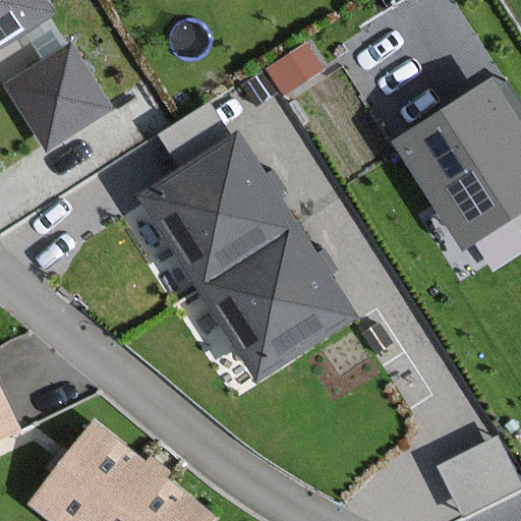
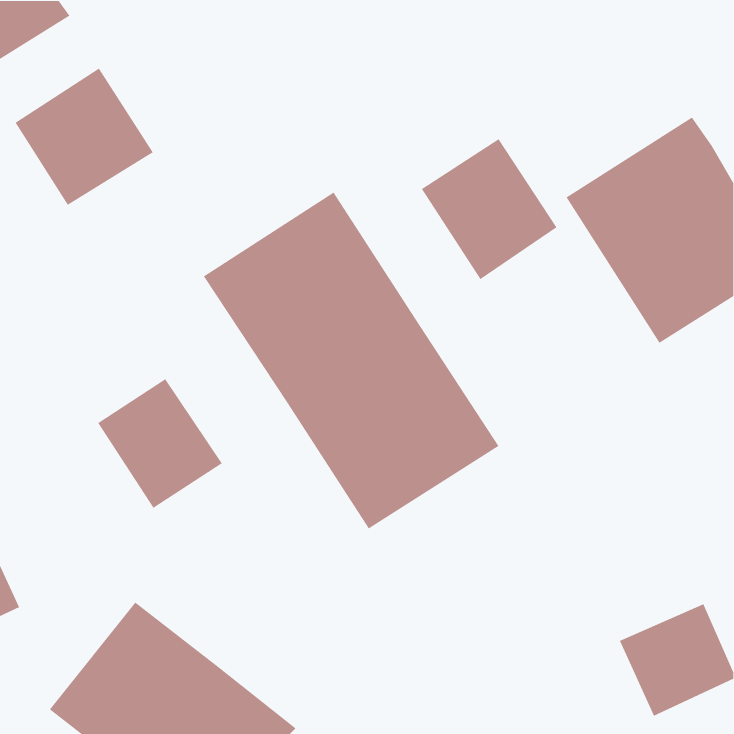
building: none -> [421,138,557,280]
building: none -> [97,378,223,509]

